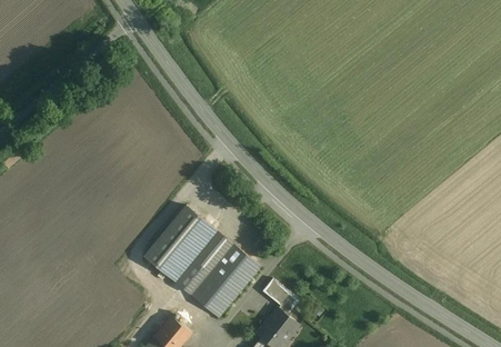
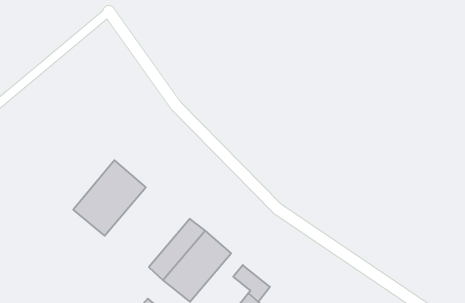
building: [142,205,217,282] -> [73,160,146,236]

